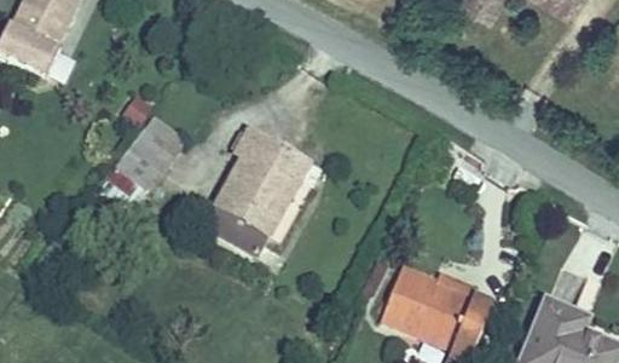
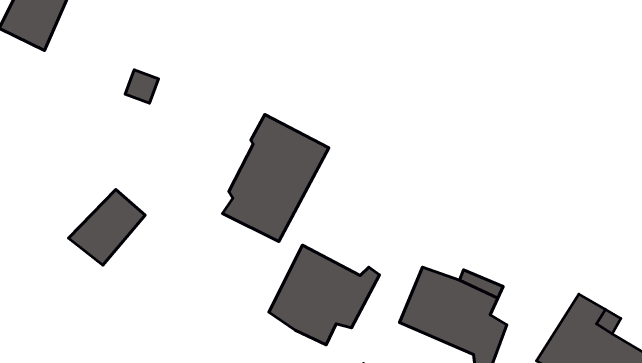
building: [116,113,189,184] -> [68,190,145,265]
building: none -> [269,245,380,345]

